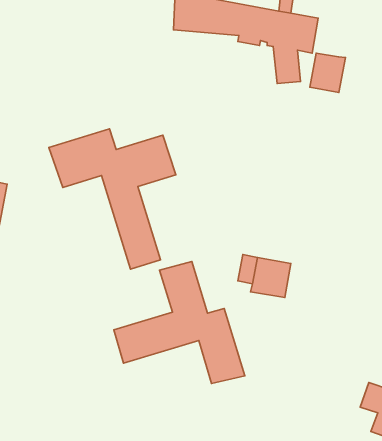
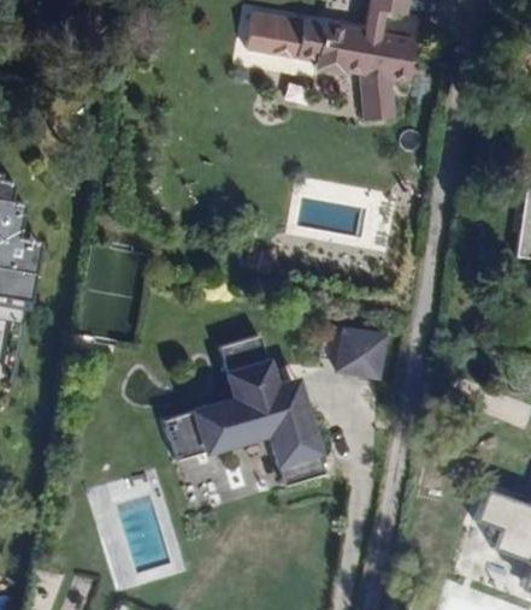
building: [310,53,345,93] -> none
building: [49,129,176,269] -> none

